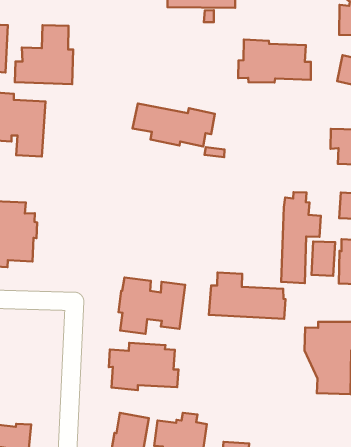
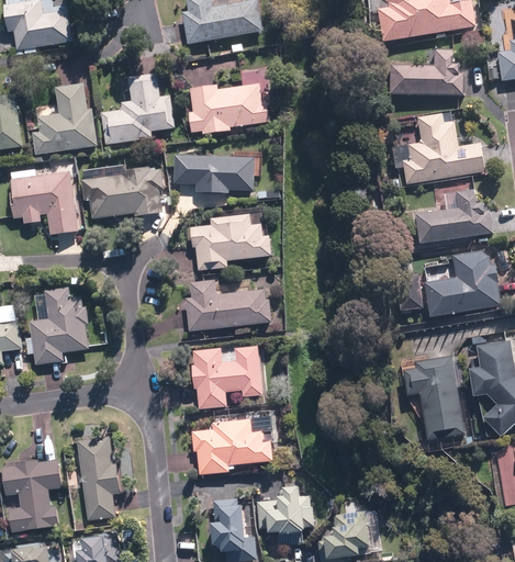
building: none -> [100,72,175,144]
building: [238,39,311,83] -> [187,83,270,135]
building: none -> [81,167,163,218]
building: none -> [189,215,271,269]
building: [281,192,321,283] -> none
building: [209,273,286,319] -> [183,280,270,331]
building: none -> [77,436,122,519]

